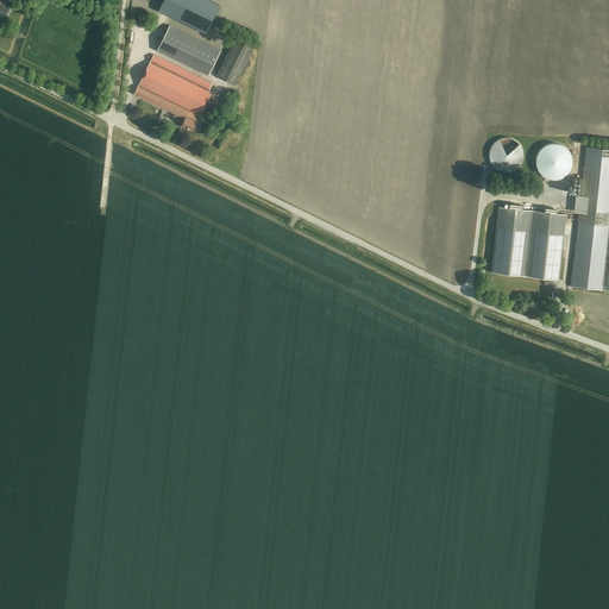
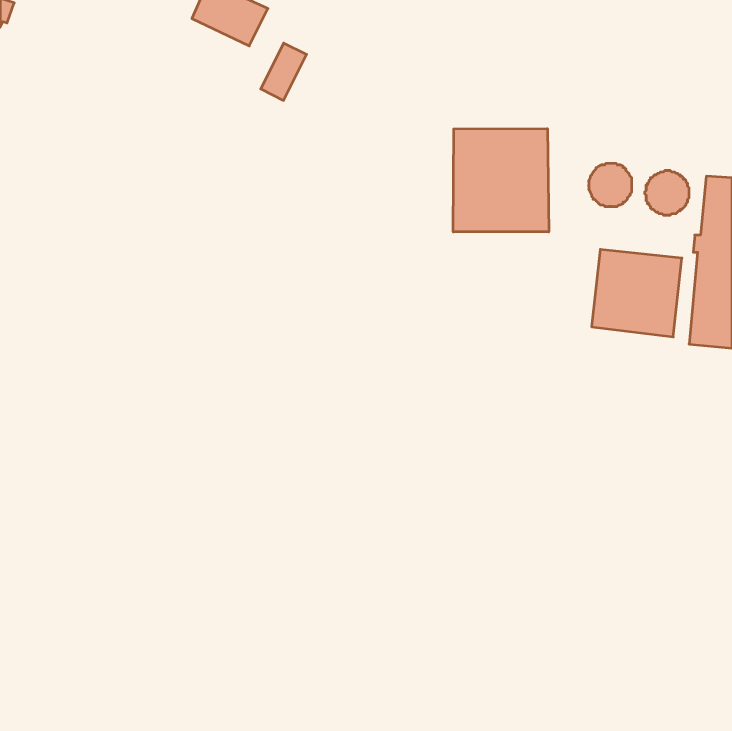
building: [157,24,221,74] -> none
building: [134,54,213,130] -> none
building: none -> [453,129,549,232]

